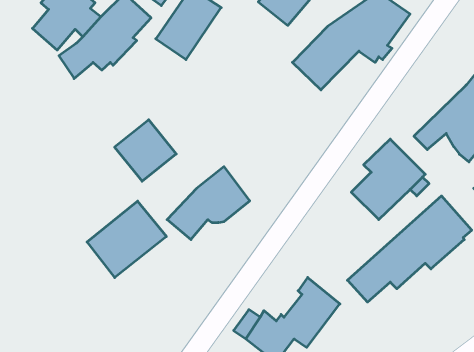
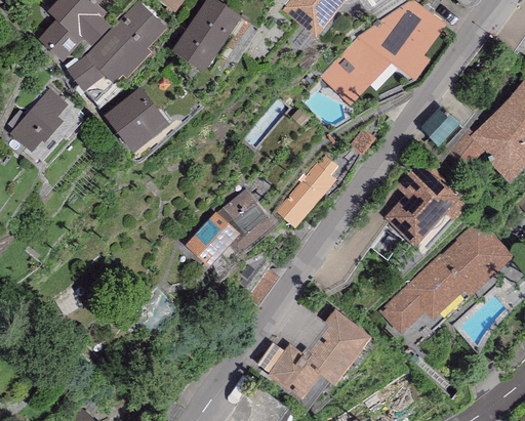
building: none -> [8,89,67,153]
building: none -> [418,106,458,145]
building: [115,120,176,181] -> [103,87,169,154]
building: none -> [275,164,335,228]
building: [87,201,166,278] -> none

